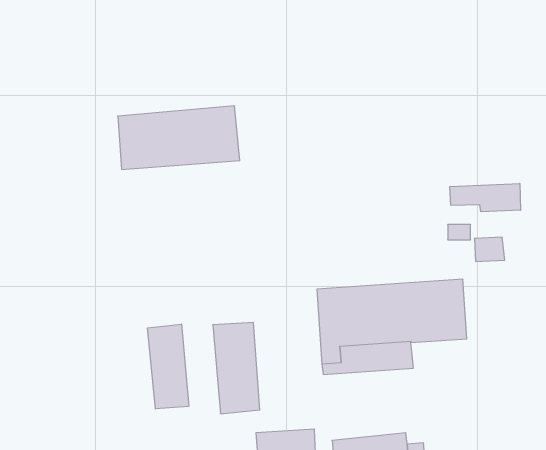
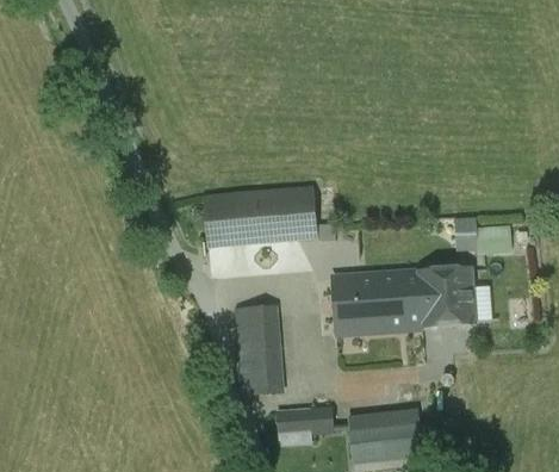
building: [118,106,240,169] -> [203,185,317,244]
building: [450,183,521,212] -> none
building: [148,324,189,409] -> none

